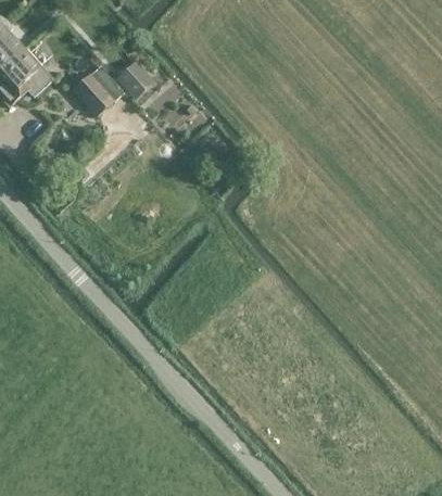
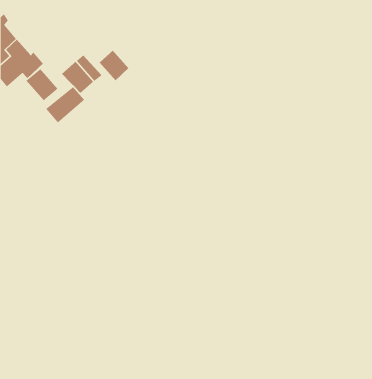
building: none -> [26,68,59,101]
building: none -> [45,86,85,124]

